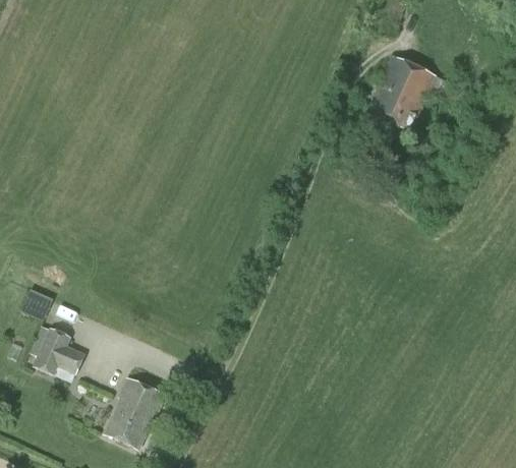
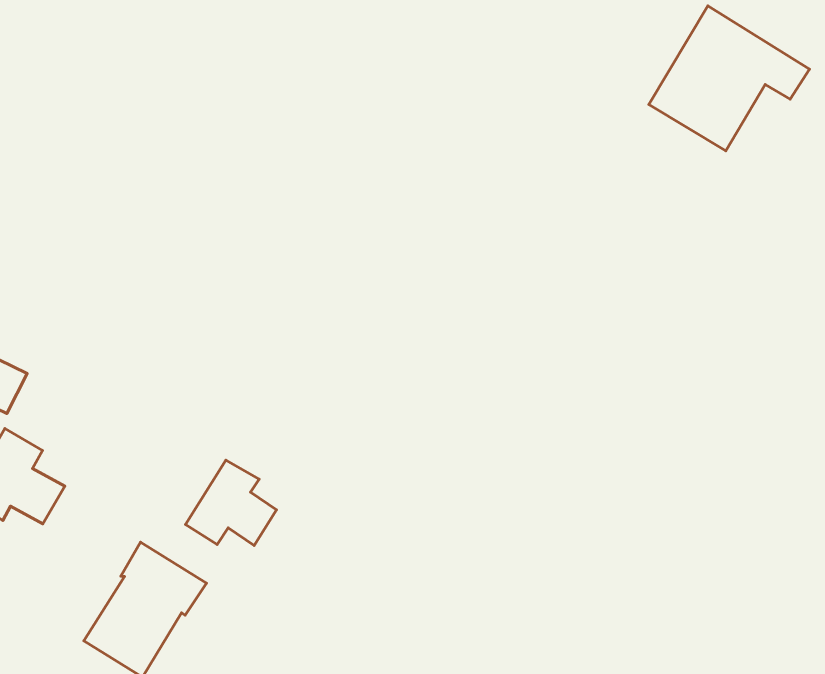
building: none -> [185,460,277,546]

